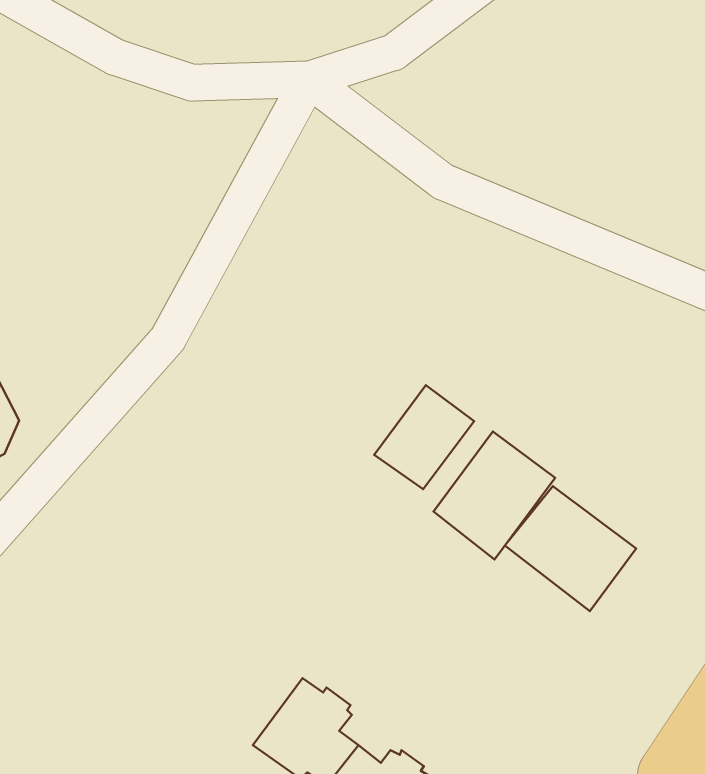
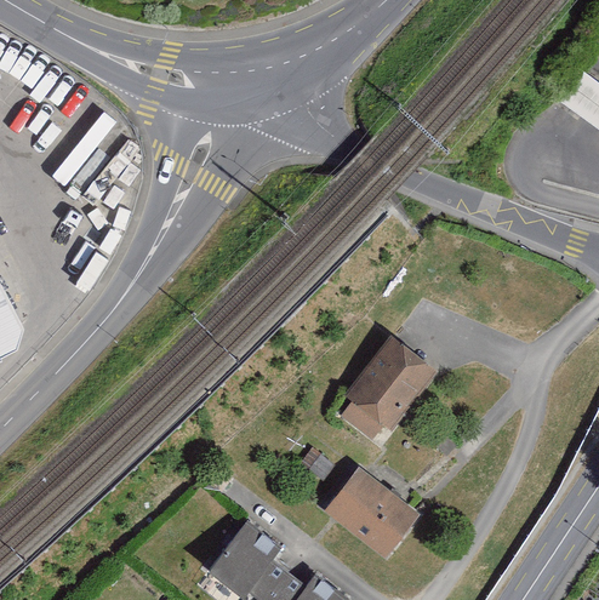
building: [374,385,474,489] -> none
building: [505,486,636,611] -> [320,468,420,562]

